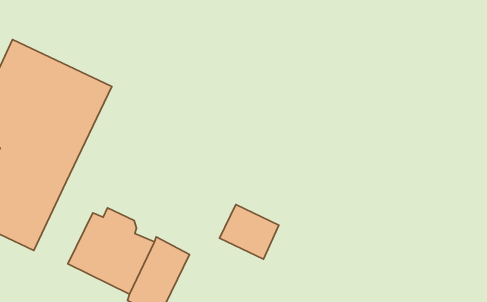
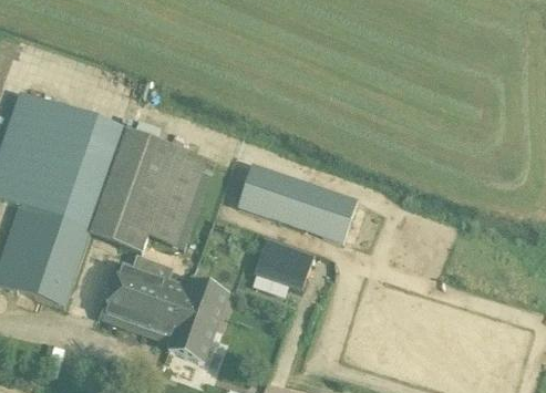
building: none -> [91,131,215,254]
building: none -> [239,163,360,238]

